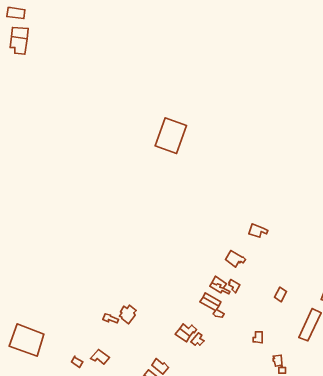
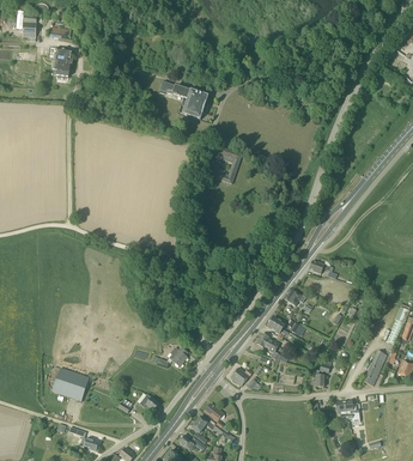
building: none -> [159,81,208,119]

